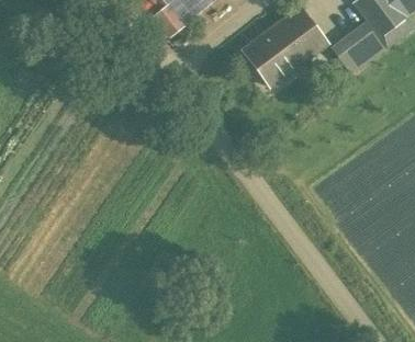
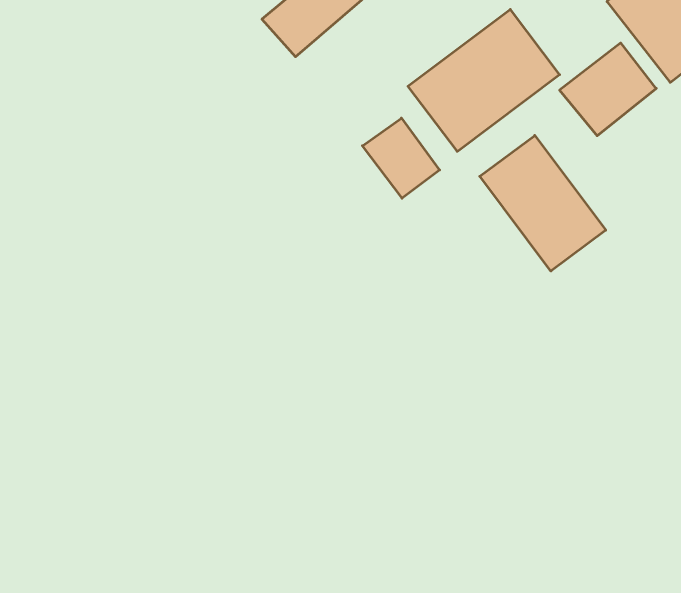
building: none -> [362,118,440,198]
building: none -> [480,135,606,271]

